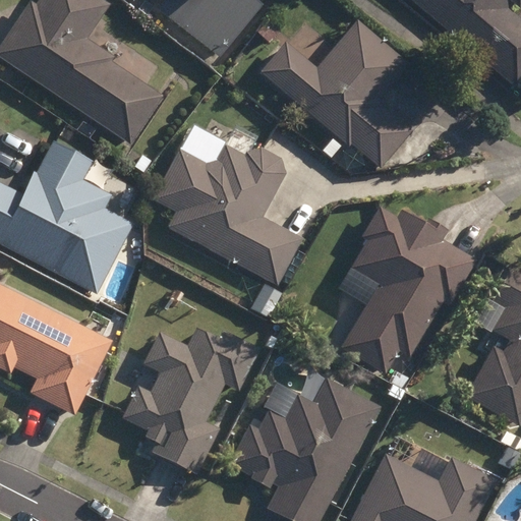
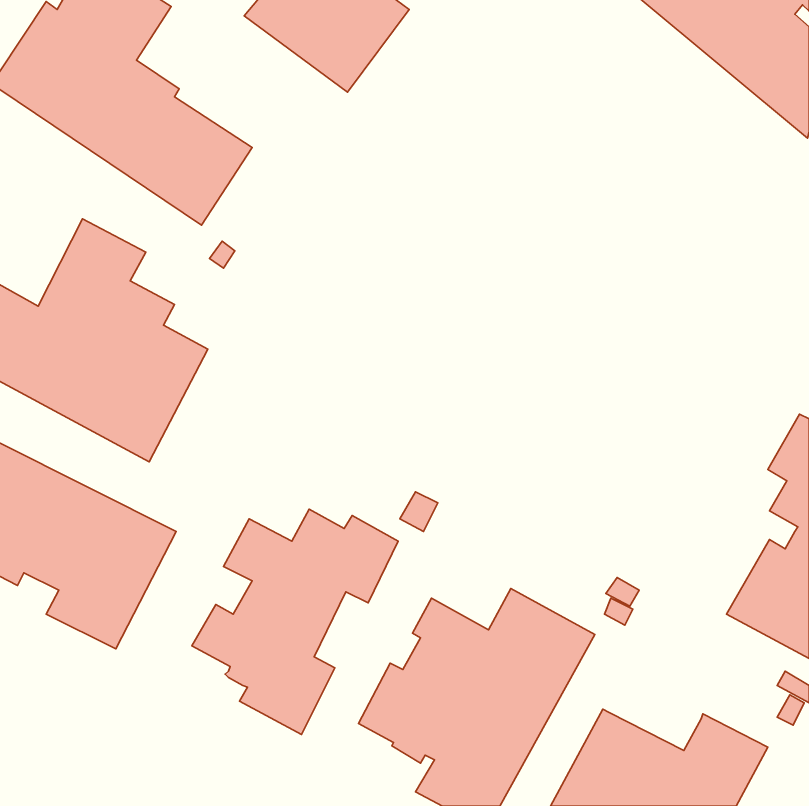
building: [260,21,413,168] -> none
building: [154,146,297,283] -> none
building: [341,207,477,374] -> none

